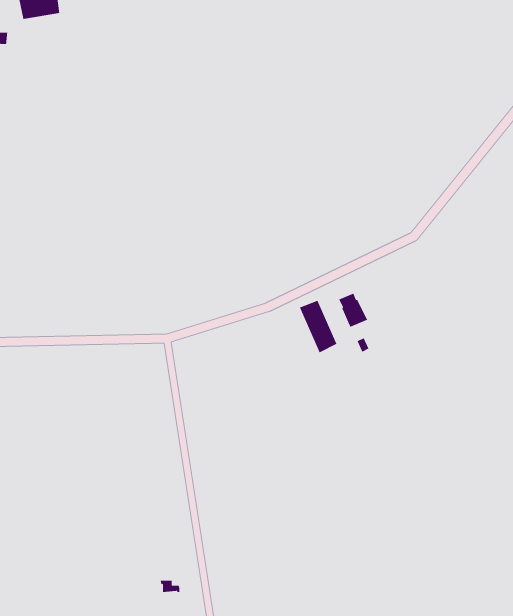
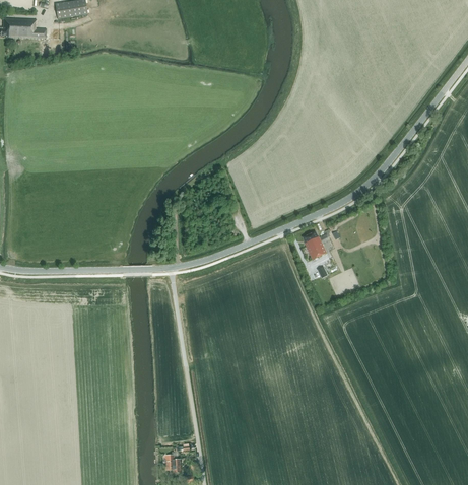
building: [299,299,337,353] -> none

